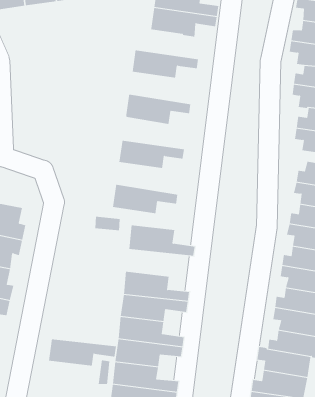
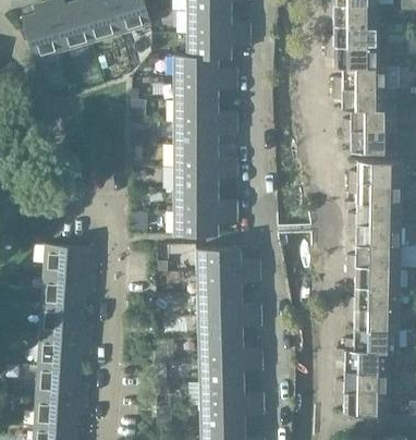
building: none -> [174,54,237,77]
building: none -> [174,99,236,122]
building: none -> [174,144,236,167]
building: none -> [174,188,236,211]
building: [48,339,117,366] -> [196,269,260,293]

